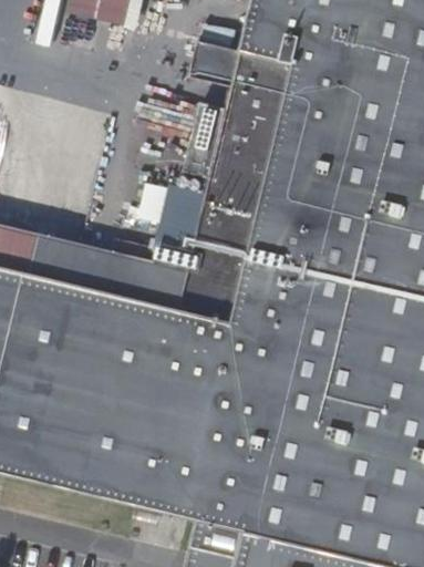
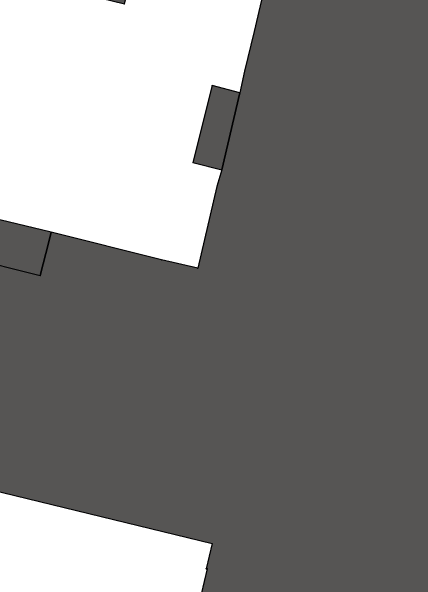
building: [192,38,241,84] -> none
building: [156,182,207,266] -> none

